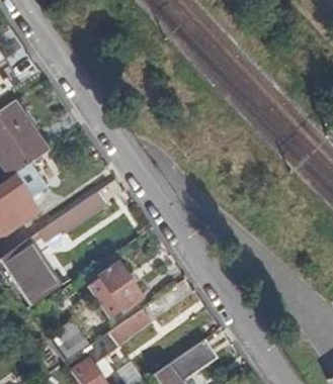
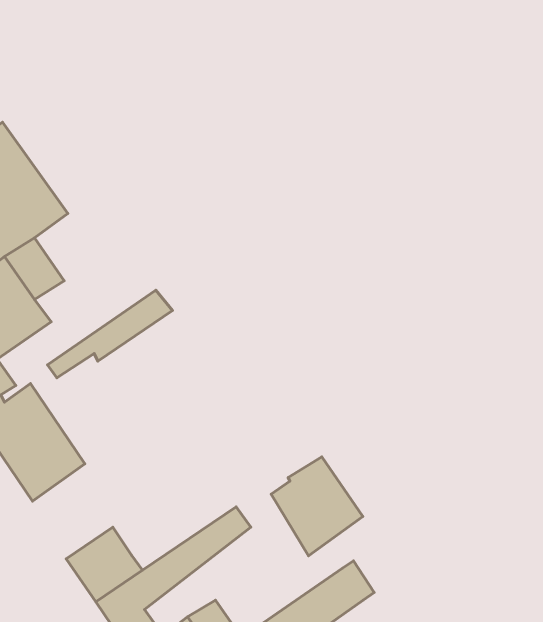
building: [91,264,141,317] -> [271,457,363,556]

